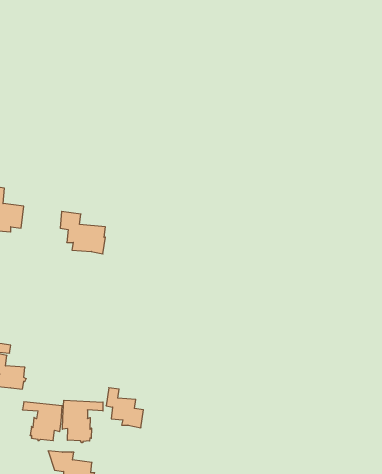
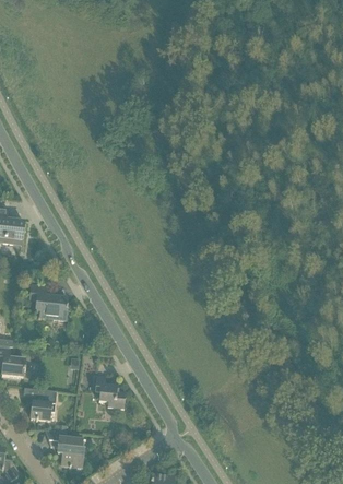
building: [60,211,105,254] -> [29,285,68,321]
building: [62,400,103,443] -> none

